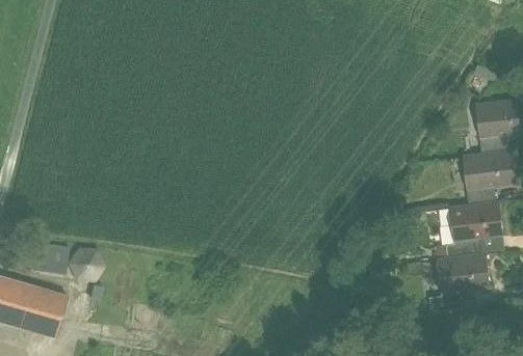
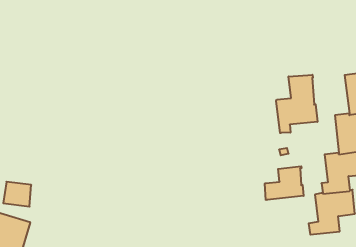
building: none -> [276,75,317,133]
building: none -> [265,166,304,200]
building: [69,246,103,280] -> none

